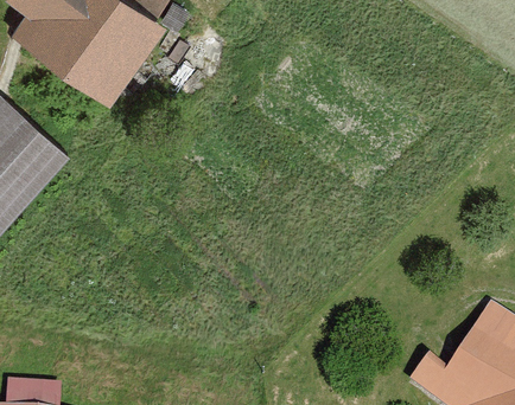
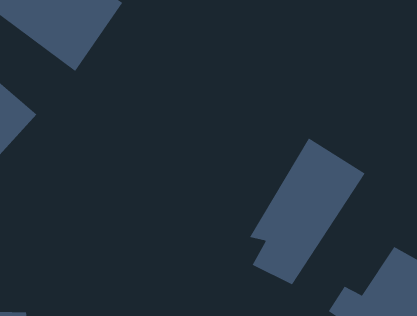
building: none -> [249,137,365,285]

